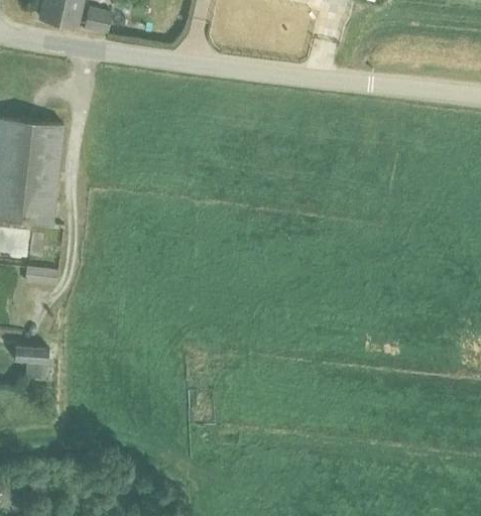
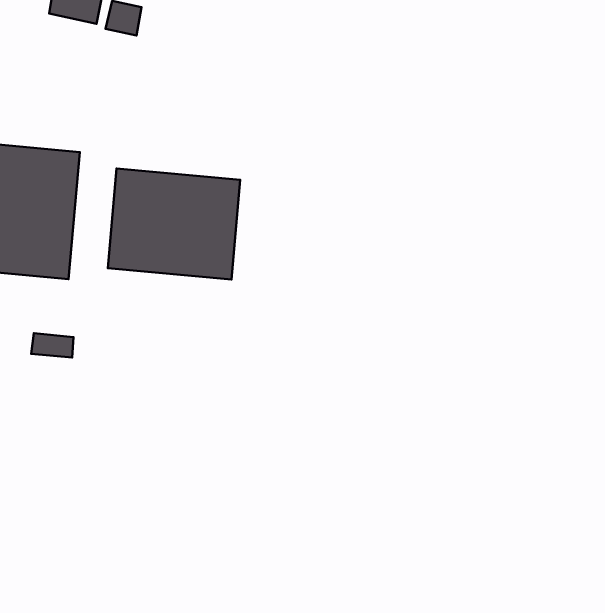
building: none -> [108,169,240,279]
building: [15,348,47,379] -> none

